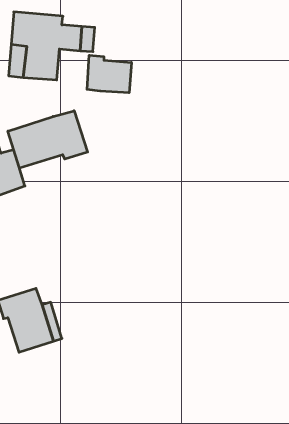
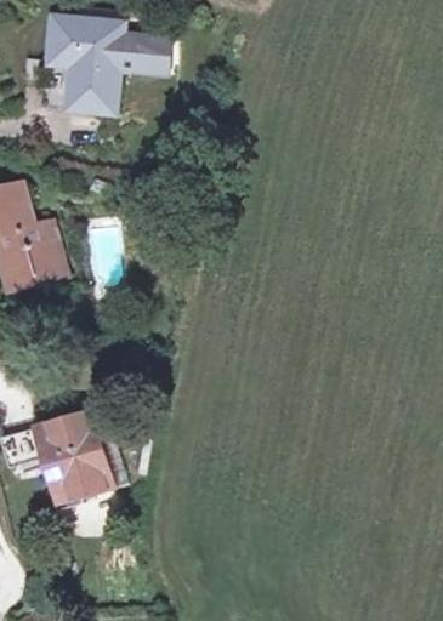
building: [87,55,131,93] -> none
building: [8,111,88,168] -> none

